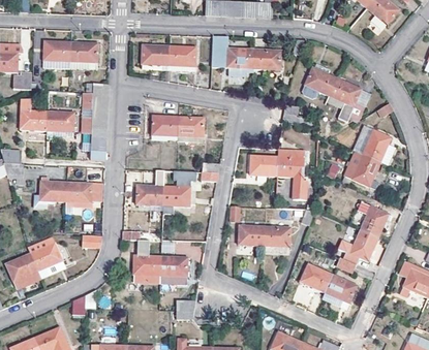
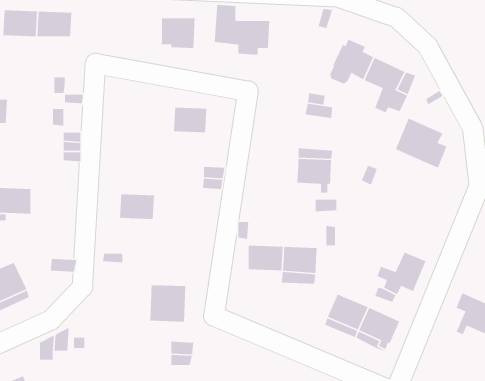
building: [142,44,168,65] -> none
building: [253,47,280,69] -> none
building: [47,109,74,130] -> none
building: [151,115,179,135] -> none
building: [343,150,379,188] -> none
building: [248,155,276,176] -> none
building: [66,180,94,201] -> none
building: [162,185,190,205] -> none
building: [357,201,388,236] -> none
building: [133,254,160,284] -> none

